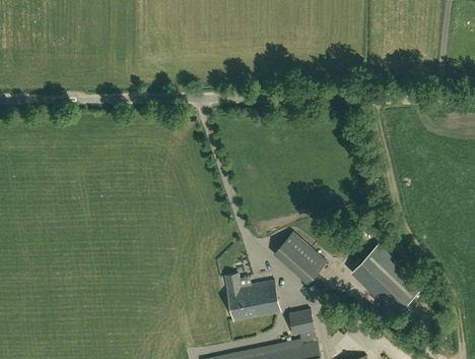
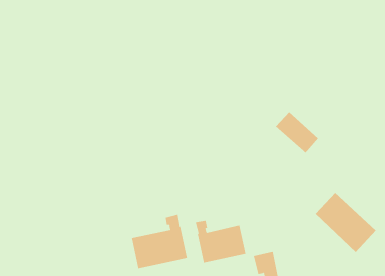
building: [277,232,325,278] -> [275,112,319,154]
building: none -> [131,214,188,269]

